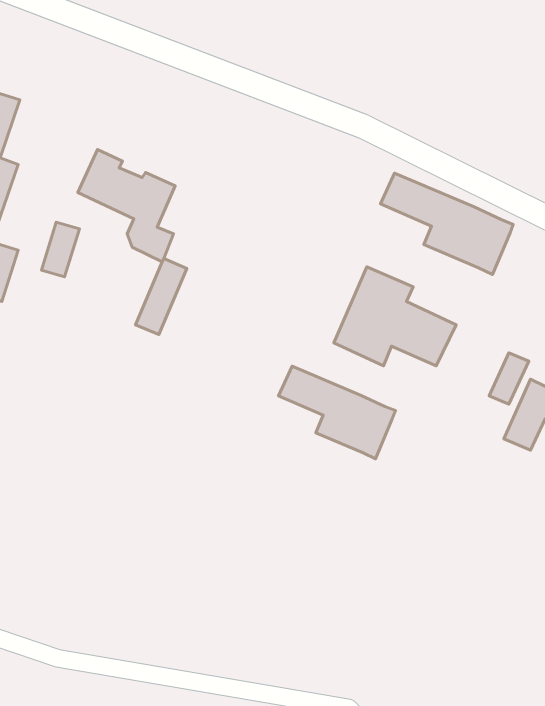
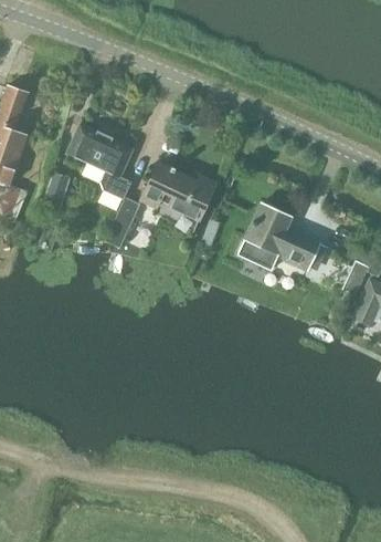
building: [380,173,513,275] -> none
building: none -> [140,163,215,220]
building: [278,366,395,459] -> none

